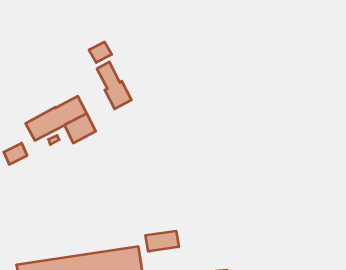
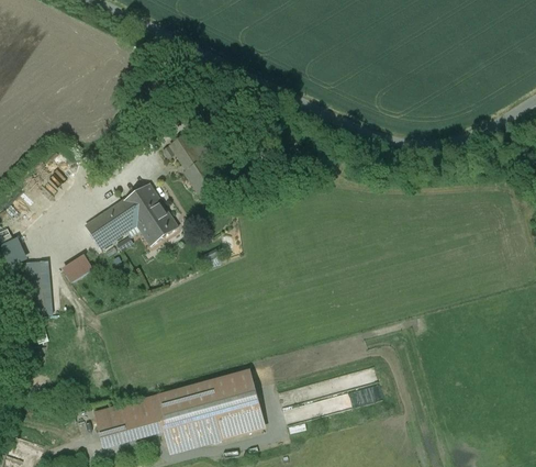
building: [89,42,112,63] -> none
building: [146,231,179,251] -> none

